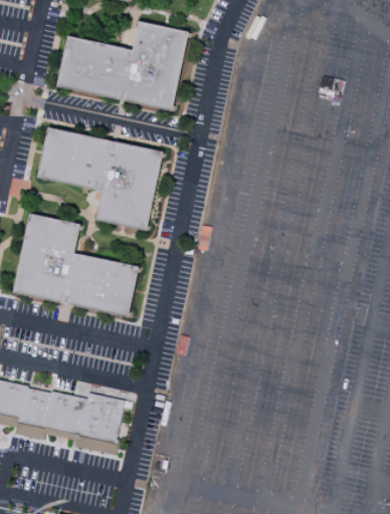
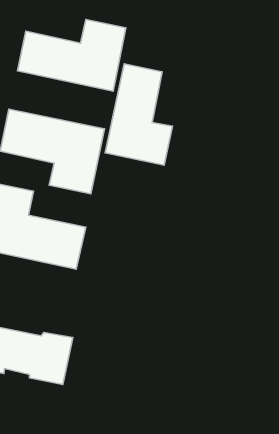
building: none -> [105,64,172,165]

